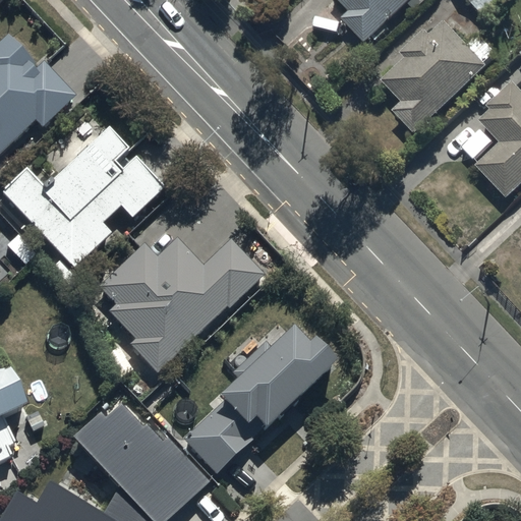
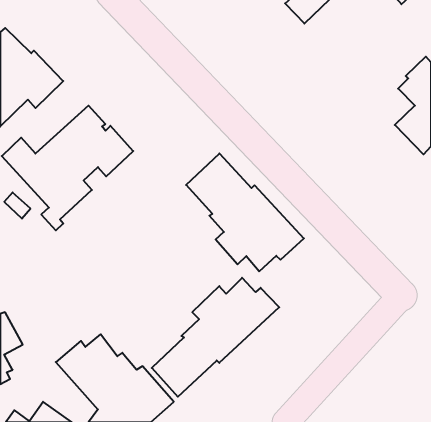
building: [383,7,496,120] -> none
building: none -> [186,153,304,271]
building: [101,238,264,373] -> none

